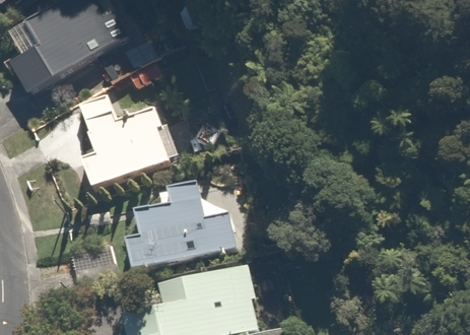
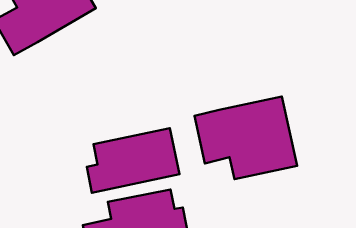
building: [72,92,179,186] -> none
building: none -> [195,97,297,179]

